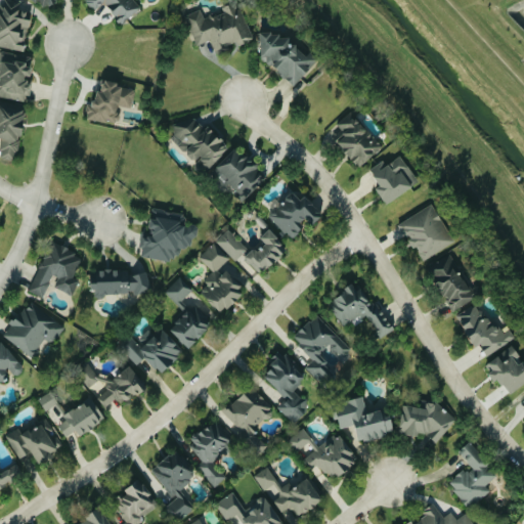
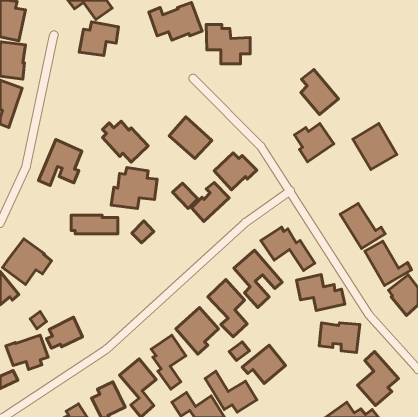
building: [86,83,135,125] -> [79,22,119,55]
building: [335,112,382,168] -> [301,69,338,114]
building: [171,118,228,169] -> [103,121,148,162]
building: [399,204,454,261] -> [353,124,397,169]
building: [29,242,83,299] -> [39,140,82,185]
building: [199,244,244,313] -> none
building: [169,304,212,348] -> none
building: [119,329,183,374] -> none
building: [77,364,144,408] -> none
building: [333,397,393,442] -> [296,275,345,311]

